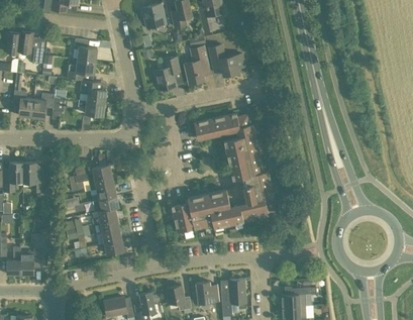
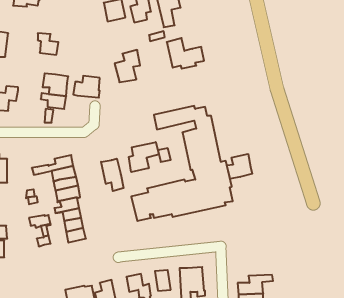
building: [184,44,211,83] -> none
building: [67,59,94,81] -> [73,76,100,98]
building: none -> [129,142,159,172]
building: none -> [227,154,252,179]
building: none -> [101,159,124,191]

